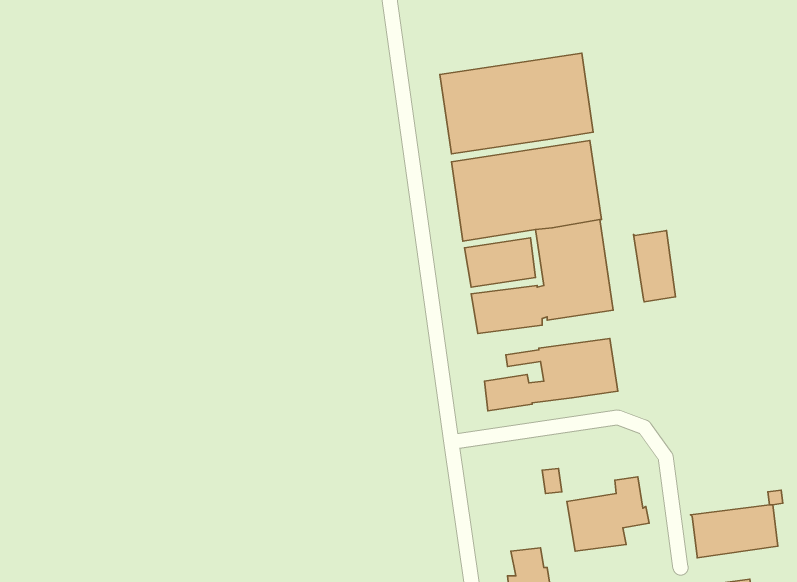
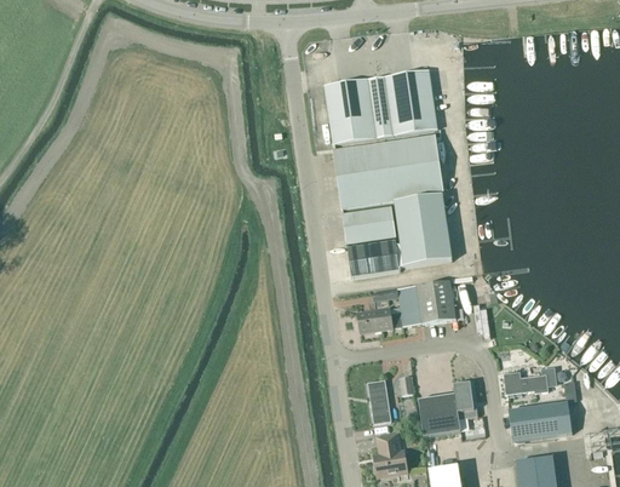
building: [633,230,675,302] -> none
building: none -> [504,365,557,393]
building: none -> [368,378,391,422]

